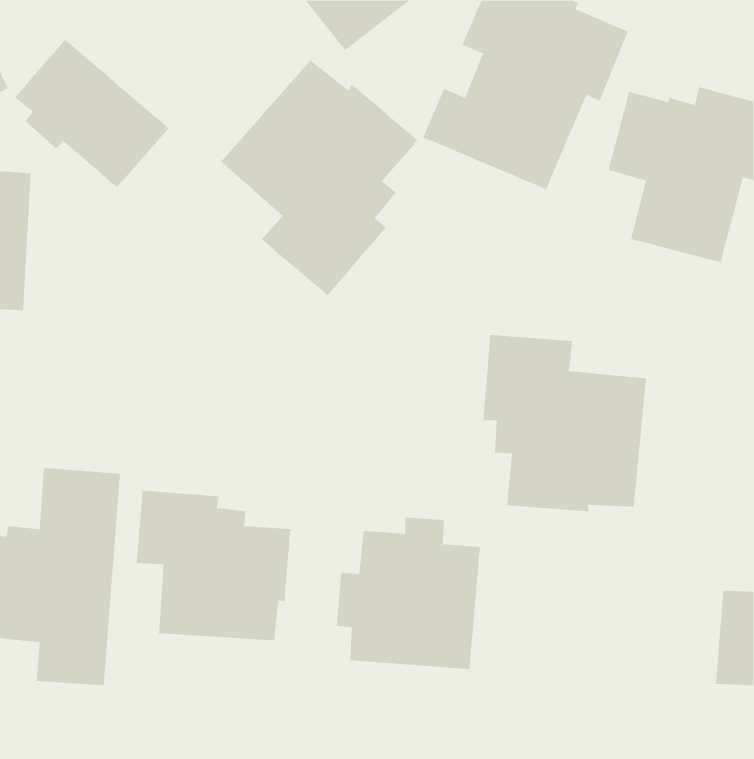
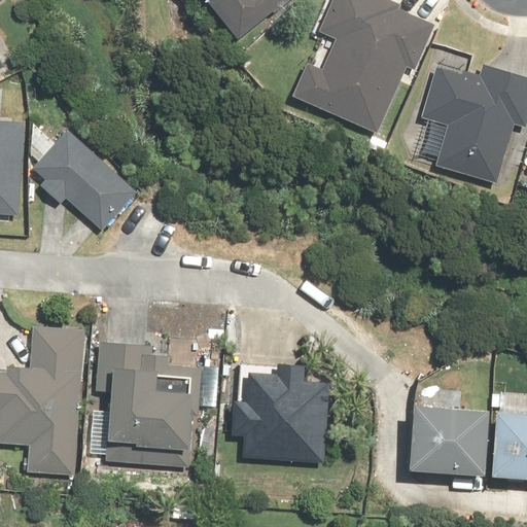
building: [14,39,169,188] -> [30,129,137,232]
building: [220,59,419,296] -> none
building: [483,334,647,512] -> none
building: none -> [412,402,491,472]

